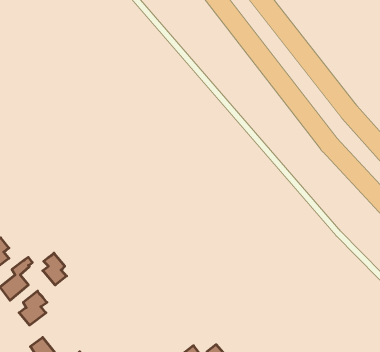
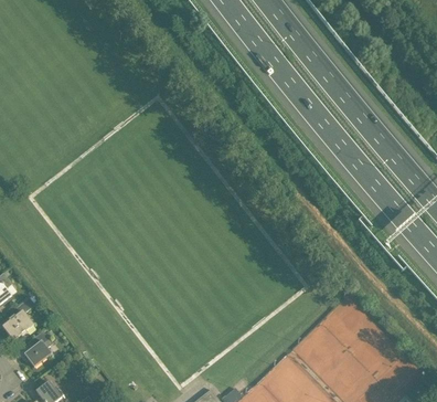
building: [43,253,67,285] -> none

